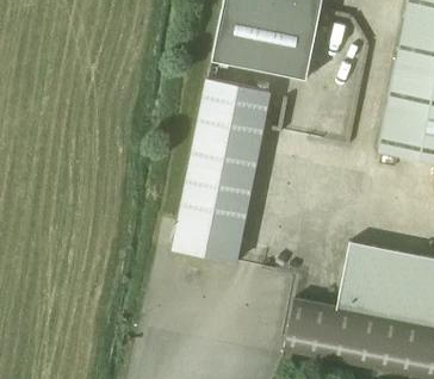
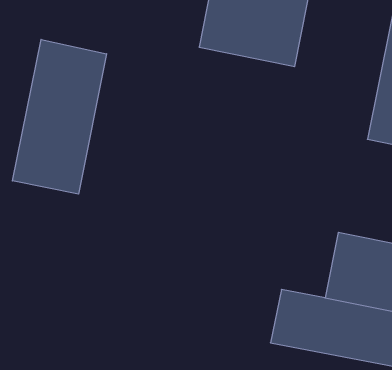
building: none -> [12,39,107,194]
building: [173,79,269,261] -> none

